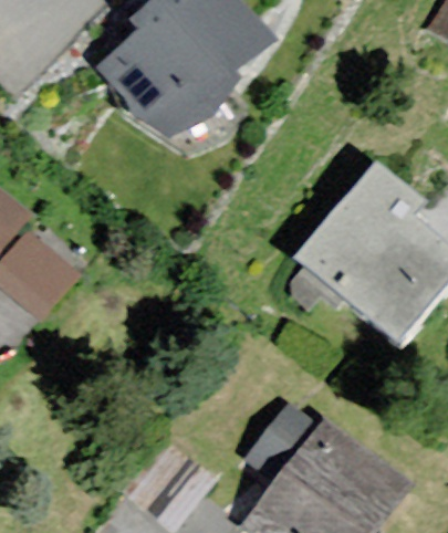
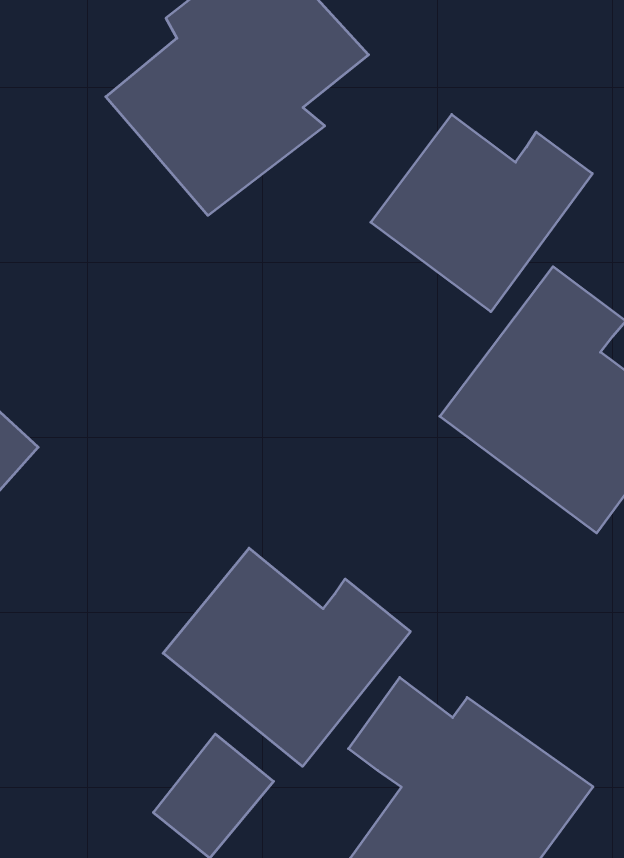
building: none -> [371,114,592,312]
building: none -> [163,548,410,766]

